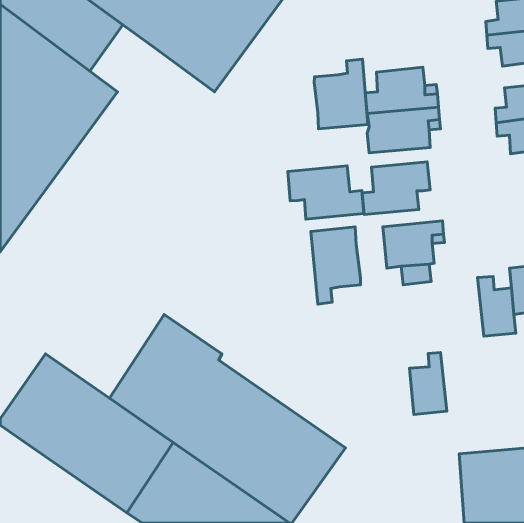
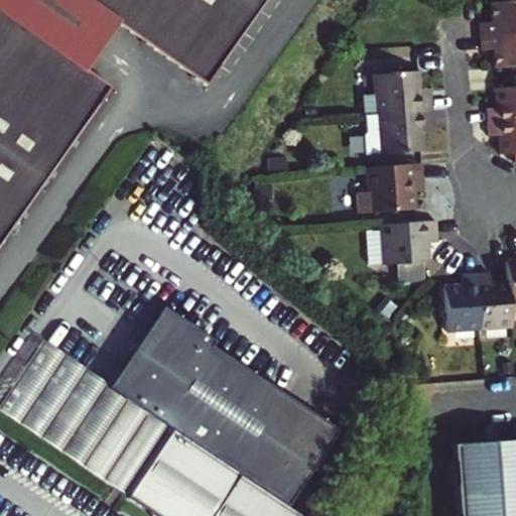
building: [314,59,368,129] -> none
building: [288,166,364,219] -> none
building: [311,227,361,304] -> none
building: [410,353,447,414] -> [439,271,476,332]

